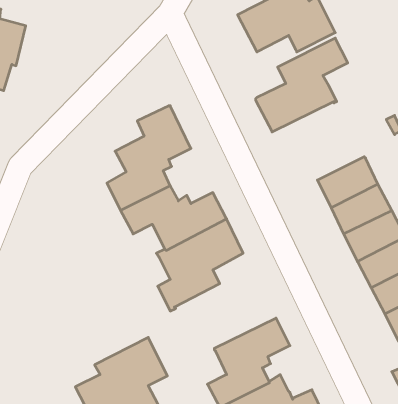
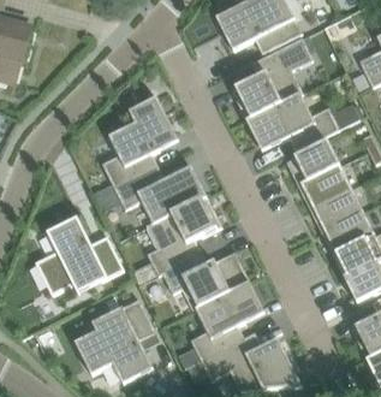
building: none -> [246,93,339,150]
building: none -> [35,217,124,295]
building: none -> [161,251,250,310]

